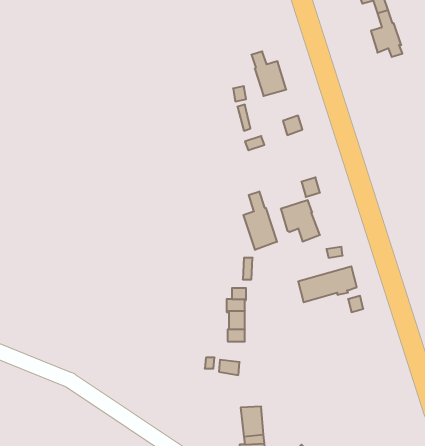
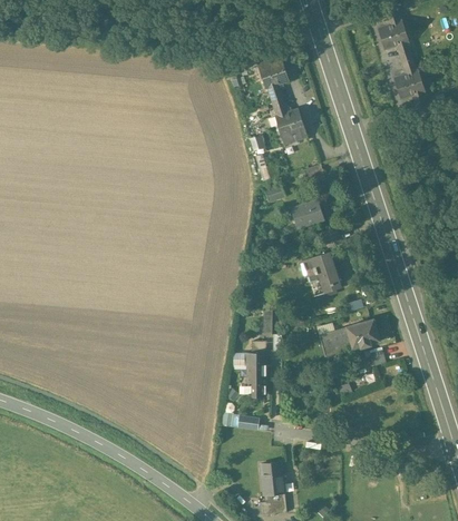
building: none -> [255,52,289,102]
building: none -> [291,198,327,227]
building: [243,191,277,250] -> none

